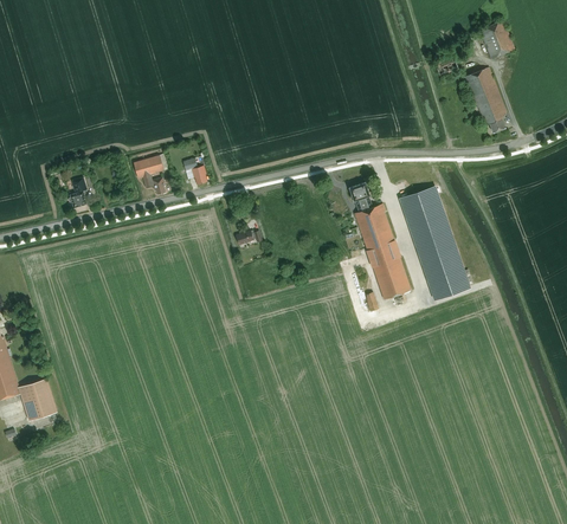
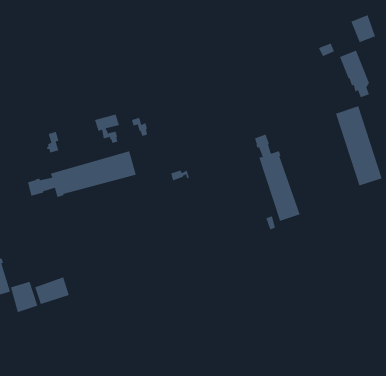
building: [404,188,468,297] -> [335,106,382,186]
building: none -> [28,150,137,198]
building: none -> [34,276,70,305]

